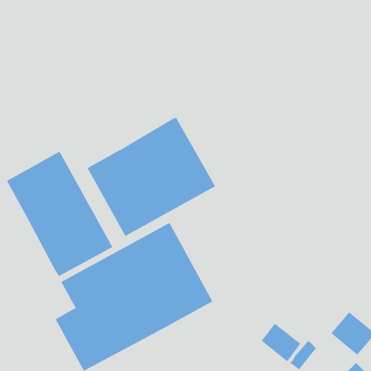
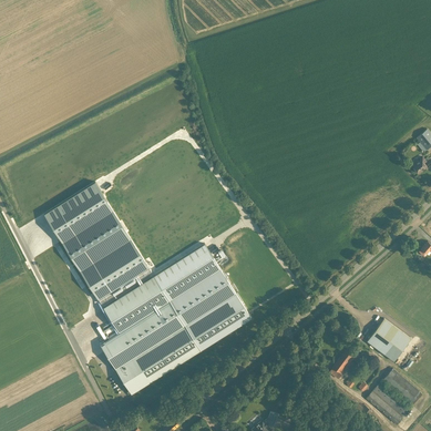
building: [87,117,216,237] -> none
building: [261,323,301,362] -> none

